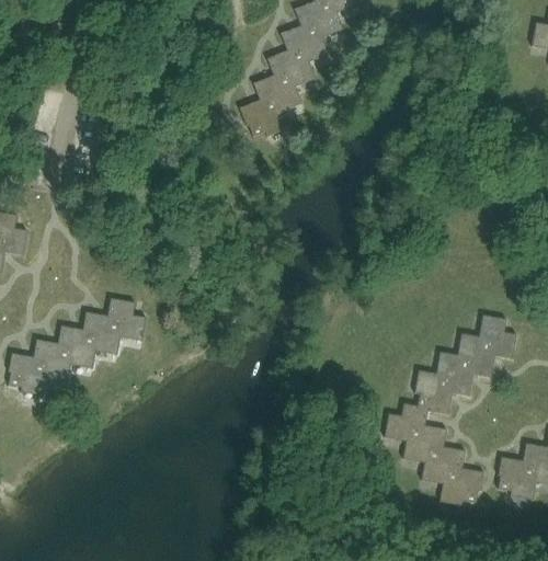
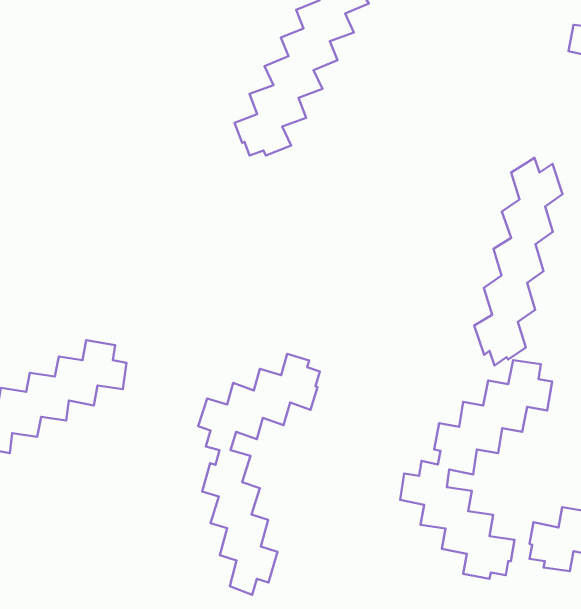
building: none -> [474,158,563,365]
building: none -> [198,354,320,595]

